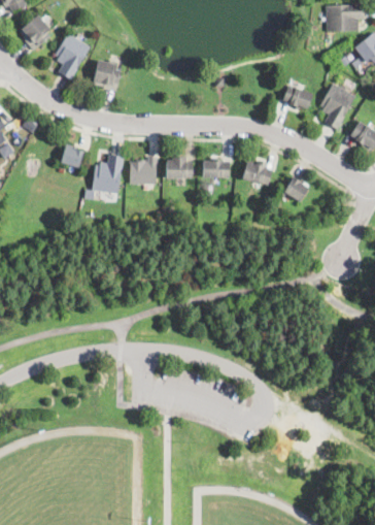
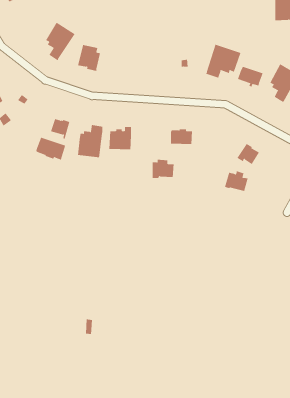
building: [20,14,52,51] -> none
building: none -> [205,44,241,78]
building: [167,157,194,179] -> [152,159,174,178]
building: [243,160,272,185] -> [224,170,248,191]
building: none -> [36,137,66,160]

